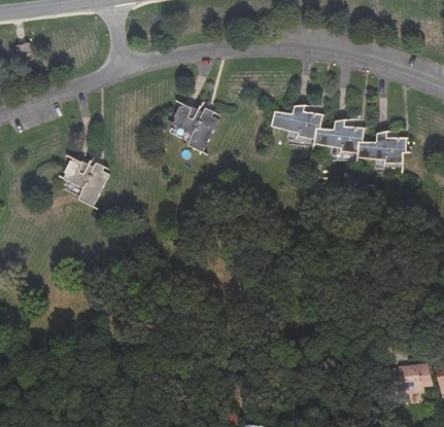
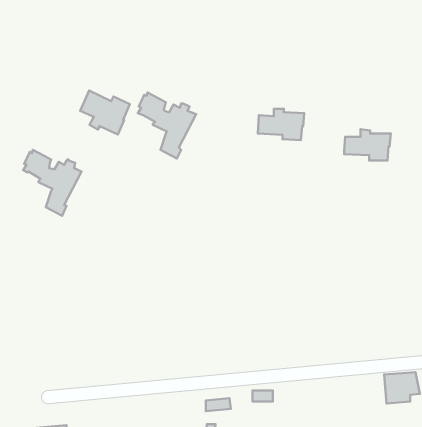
building: none -> [80,91,130,135]
building: [318,122,363,152] -> none

